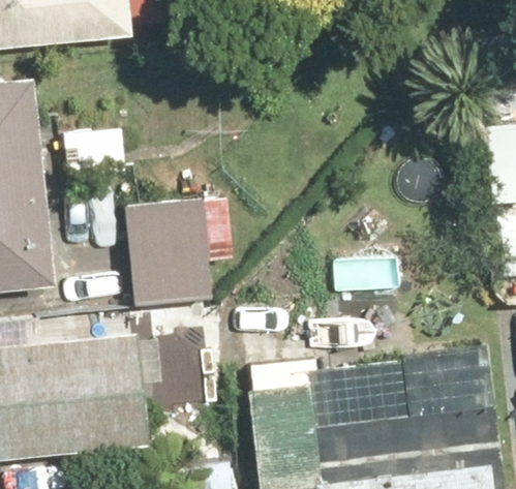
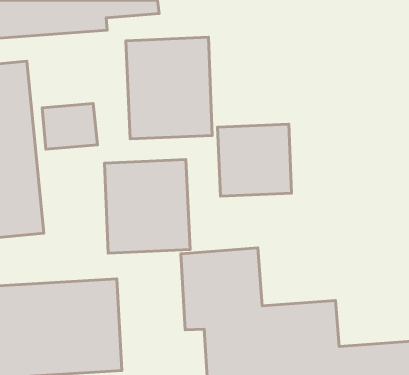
building: none -> [126,37,212,139]
building: none -> [217,124,291,196]

